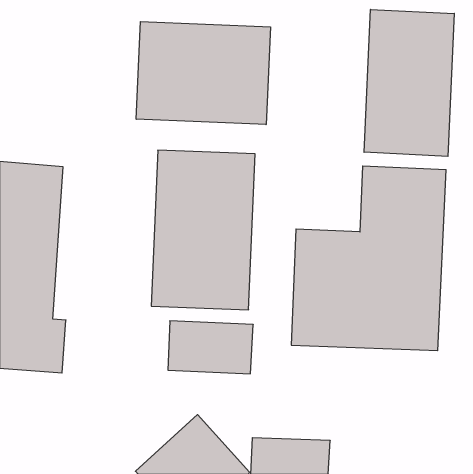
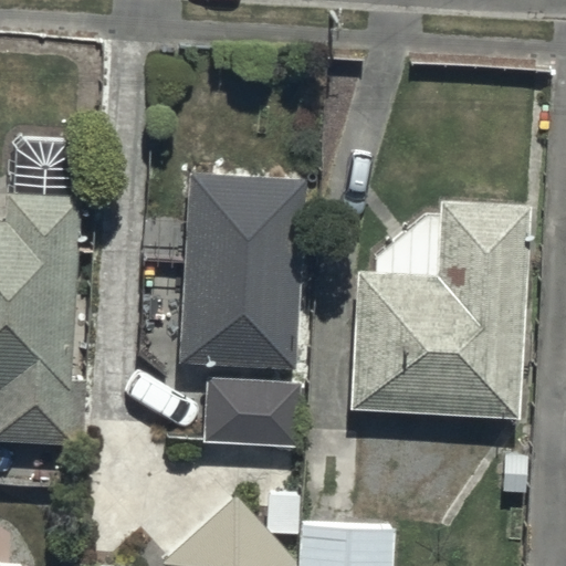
building: [364,9,454,156] -> none
building: [136,22,270,125] -> none

